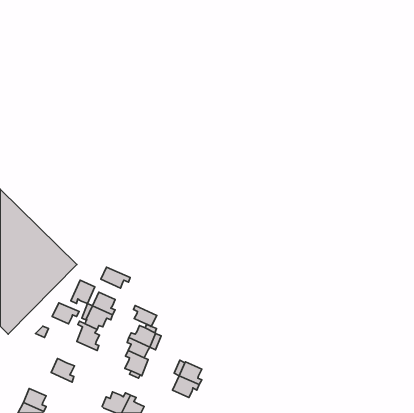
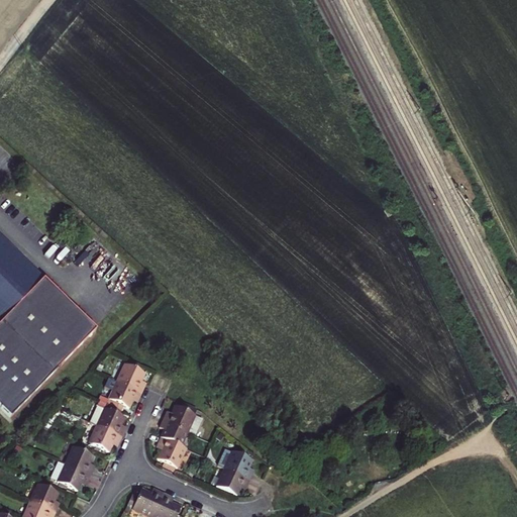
building: [101,267,130,288] -> none
building: [71,280,95,303] -> none
building: [52,303,79,324] -> [88,425,121,451]
building: [133,306,157,326] -> none
building: none -> [57,463,90,491]

